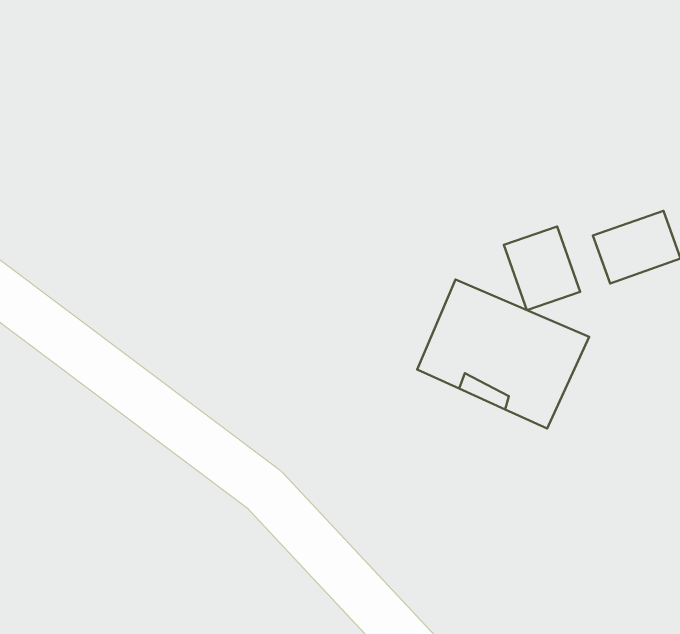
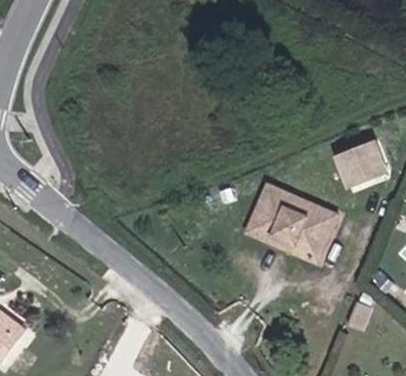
building: [504,226,580,310] -> none

